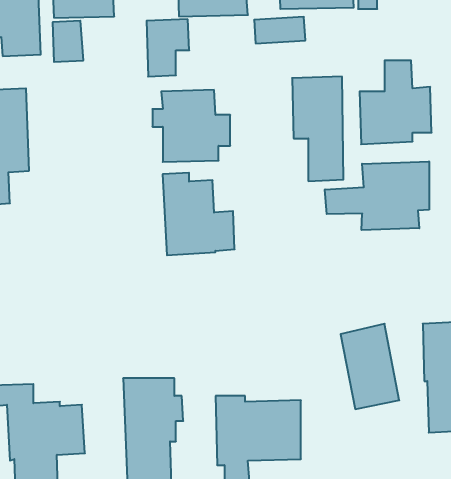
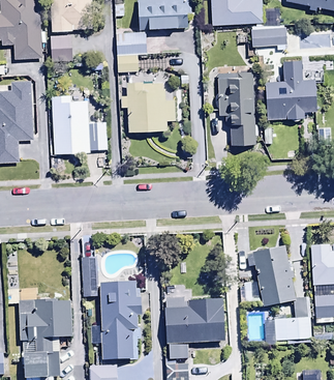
building: [254,17,305,43] -> [250,27,286,46]
building: [325,161,429,230] -> none
building: [163,173,235,255] -> [52,95,102,153]
building: none -> [273,299,310,343]

